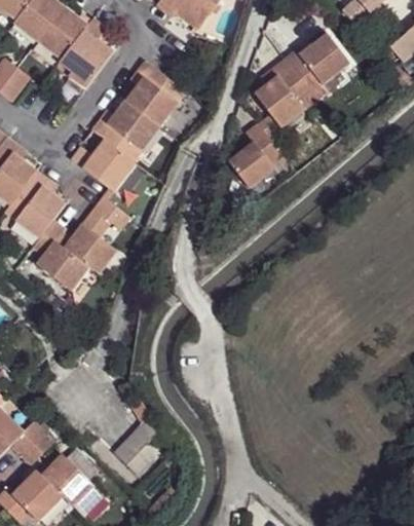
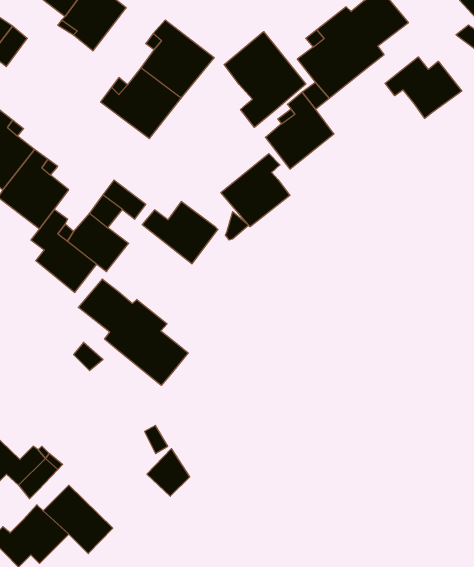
building: none -> [224,32,306,127]
building: none -> [385,57,462,118]
building: [69,140,133,192] -> [142,201,218,264]
building: none -> [221,154,290,227]
building: none -> [78,279,188,385]

